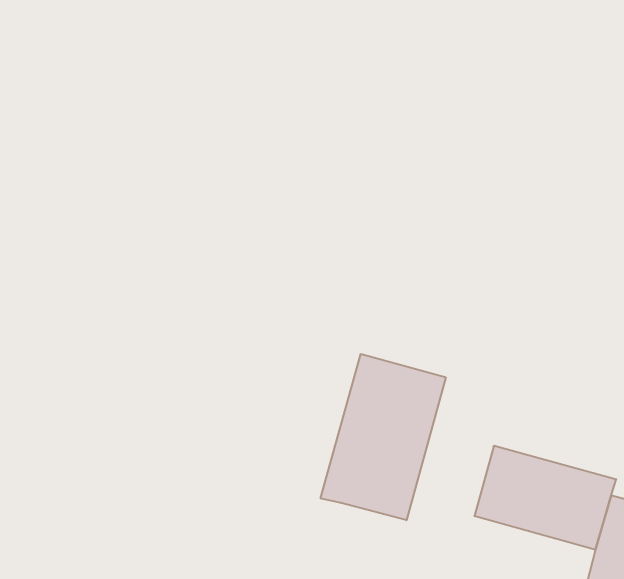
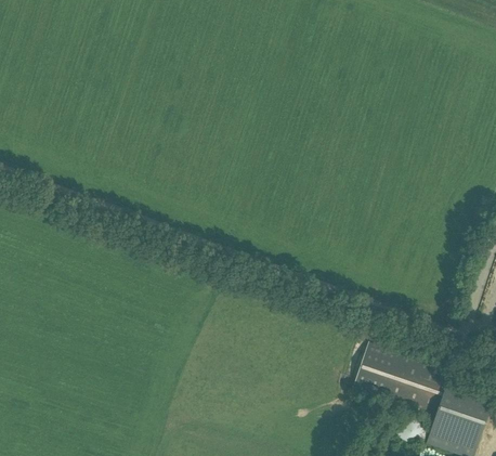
building: [321,354,446,520] -> none

